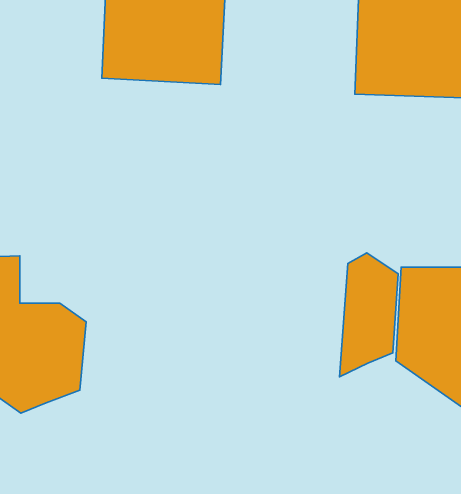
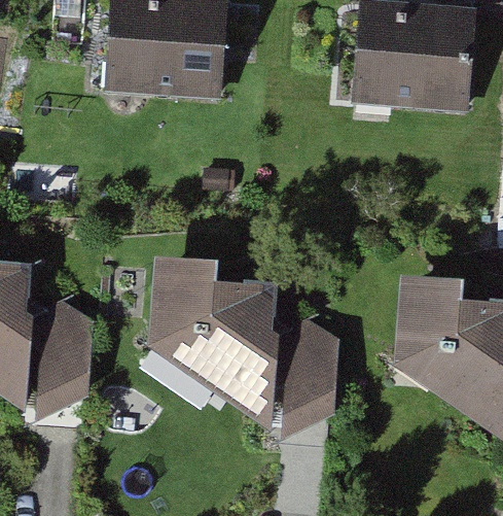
building: [339,253,398,377] -> [279,316,336,438]
building: none -> [147,264,275,426]

